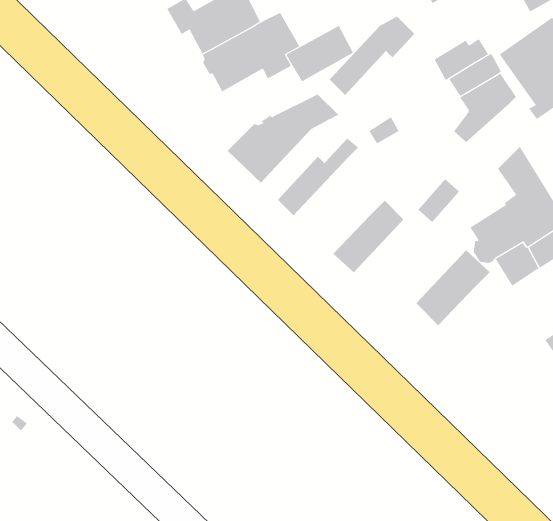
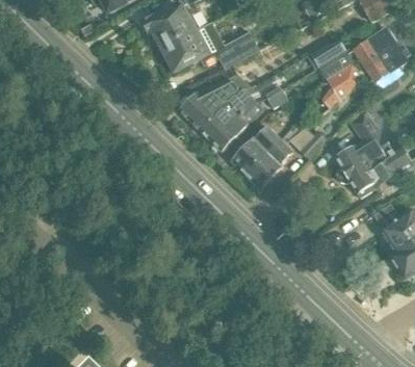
building: [329,16,415,96] -> [200,89,255,140]
building: [415,249,490,326] -> [231,126,279,175]

